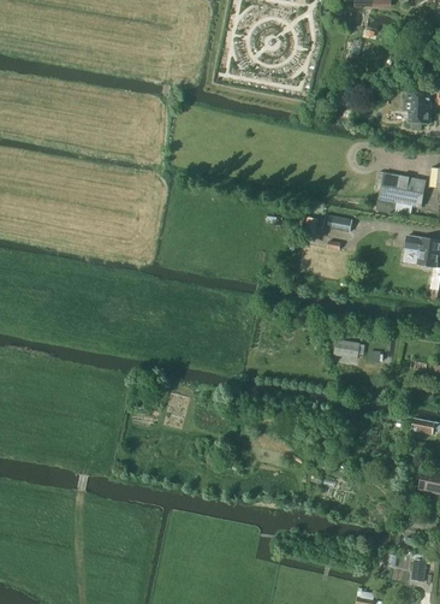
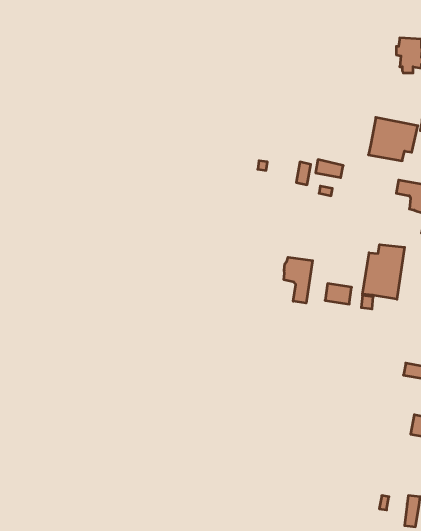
building: none -> [362,245,405,299]
building: none -> [284,257,313,303]

